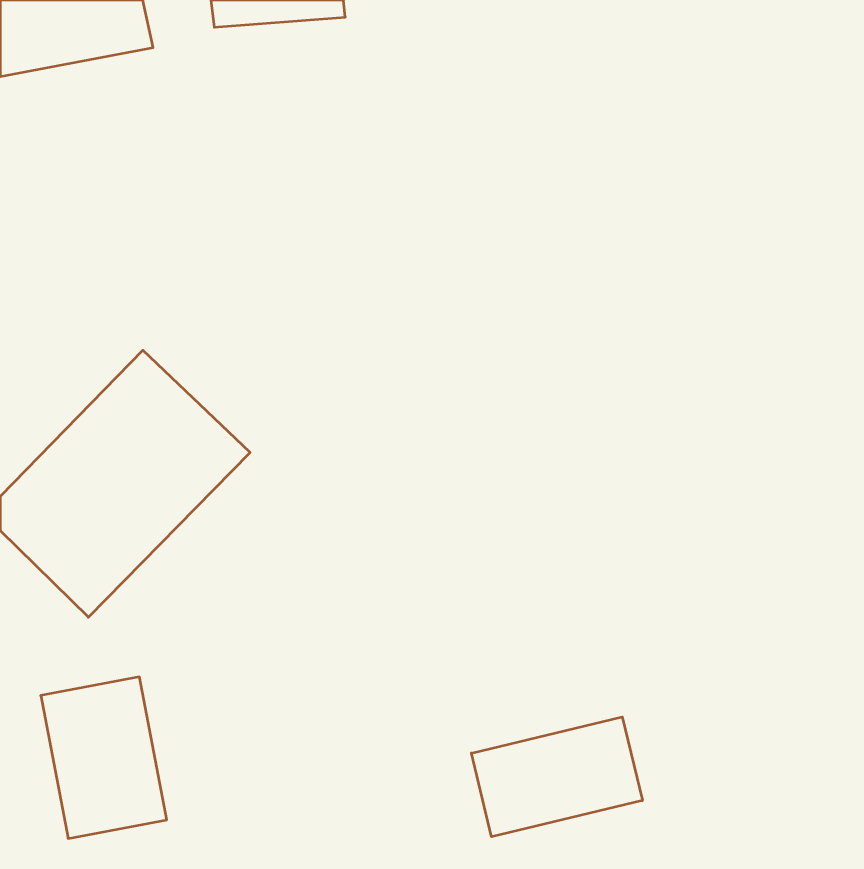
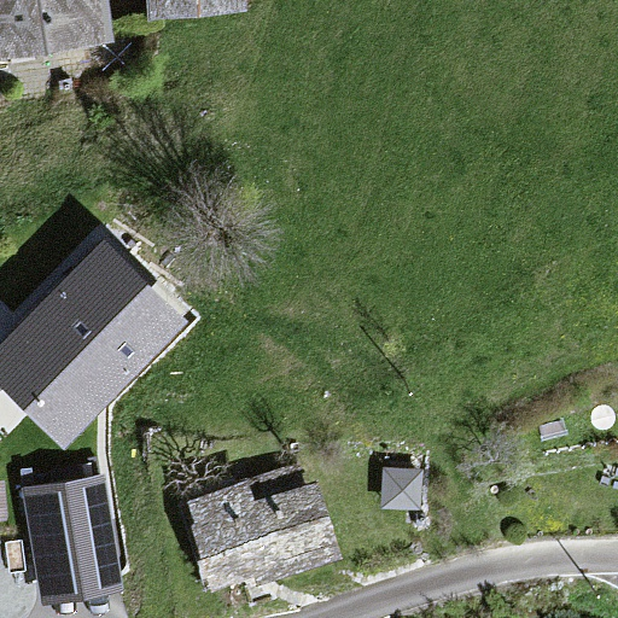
building: none -> [181,478,326,587]
building: [471,717,642,837] -> none

